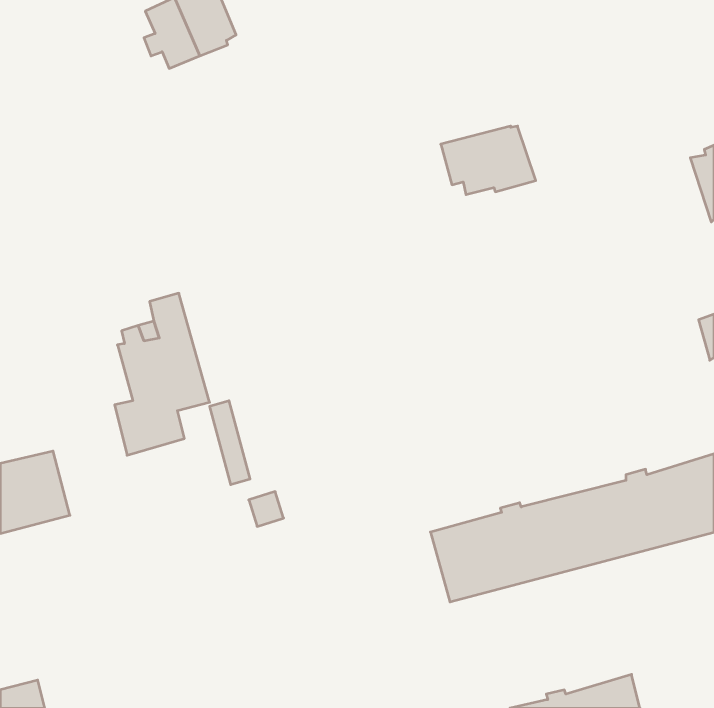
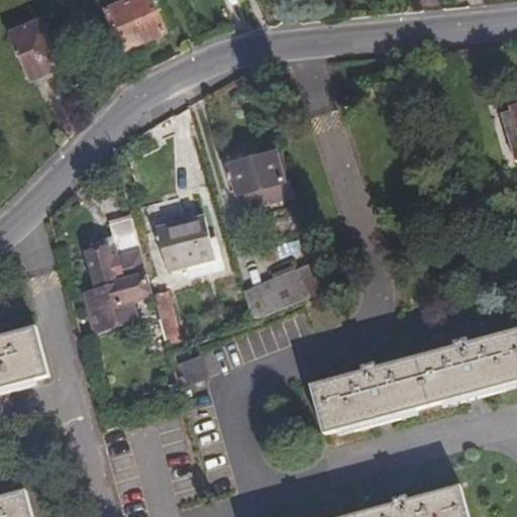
building: none -> [8,19,58,78]
building: [441,126,536,195] -> [224,150,293,200]
building: none -> [154,214,214,269]
building: none -> [243,262,326,320]

